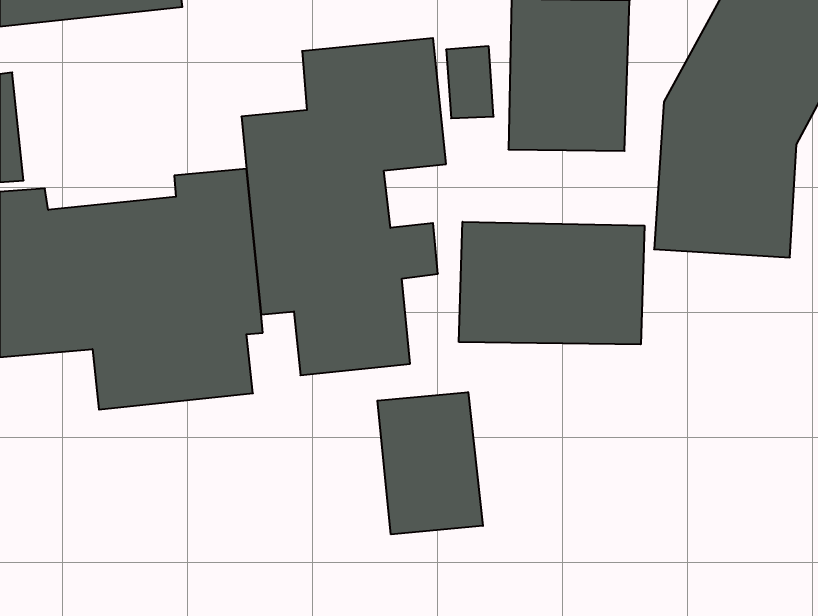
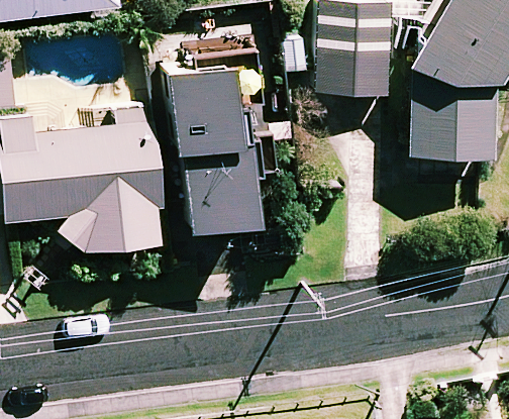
building: [459,222,644,344] -> none
building: [377,392,483,534] -> none

